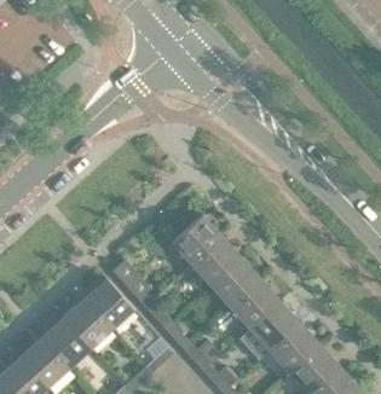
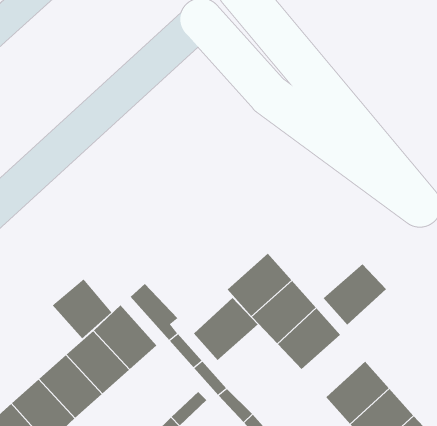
building: [171,215,223,266] -> [193,297,258,361]
building: none -> [52,279,112,339]
building: [249,302,300,352] -> [323,263,387,326]

